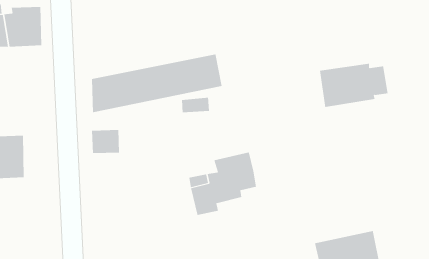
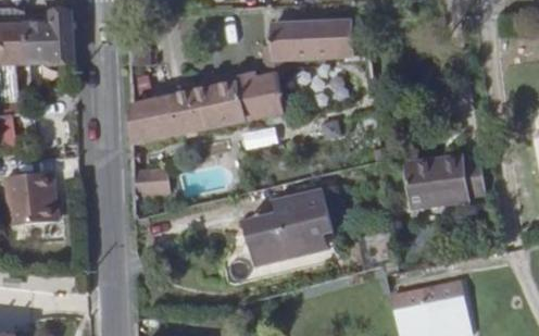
building: none -> [272,21,356,63]
building: [319,63,388,108] -> [408,159,489,211]
building: none -> [278,211,338,261]

